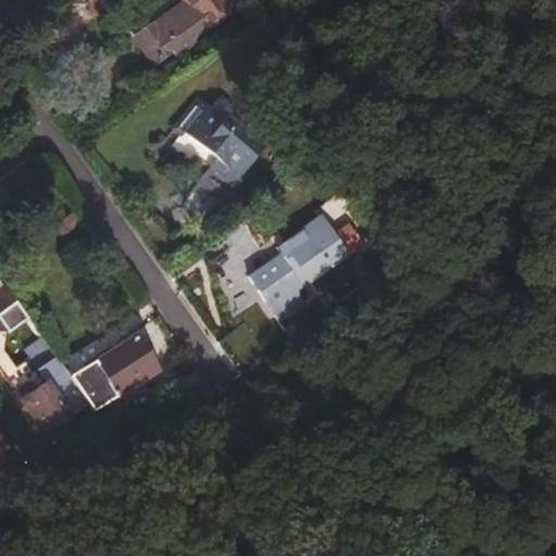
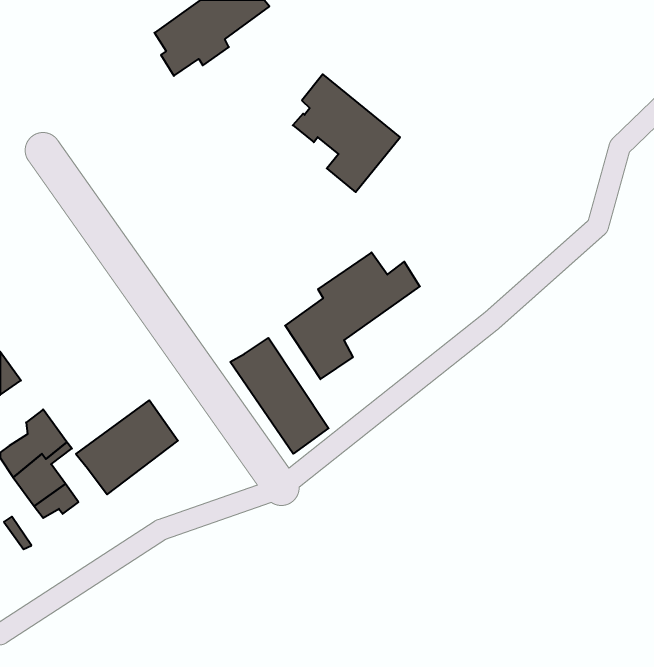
building: [170,101,260,199] -> [293,74,400,192]
building: none -> [230,338,329,454]

